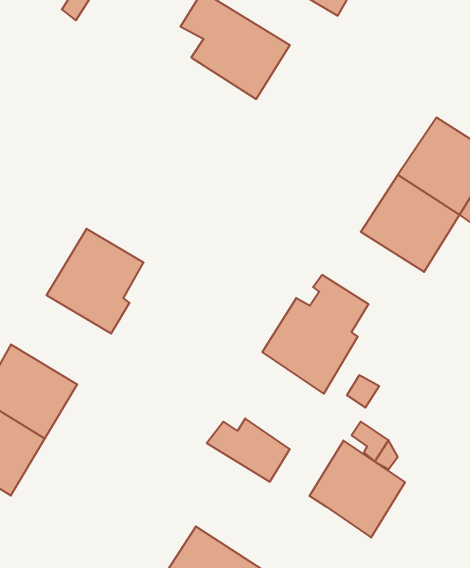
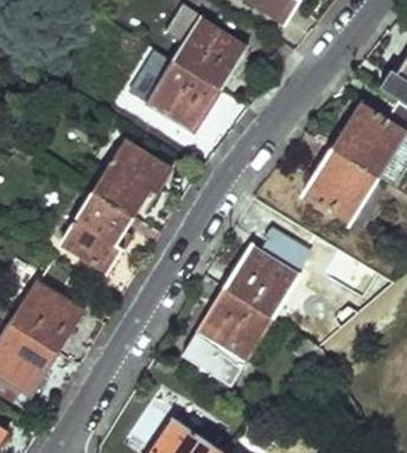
building: none -> [145,58,221,132]
building: none -> [90,140,171,216]
building: [309,440,405,538] -> [199,285,273,359]

